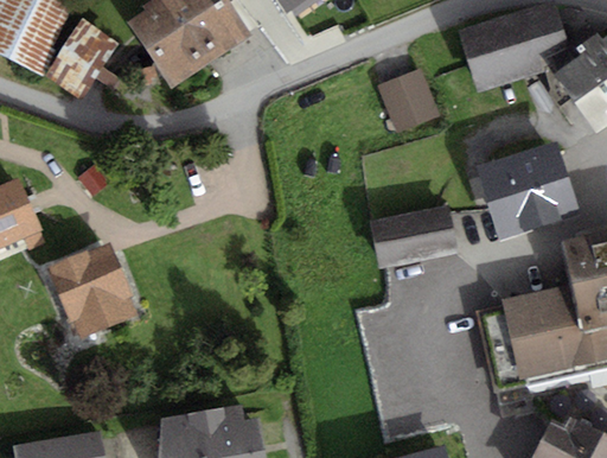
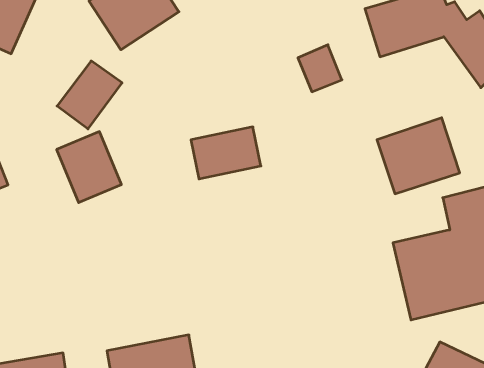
building: [41,26,119,107] -> [57,61,122,129]
building: [372,210,455,272] -> [191,127,261,179]
building: [56,243,133,327] -> [57,132,121,203]

